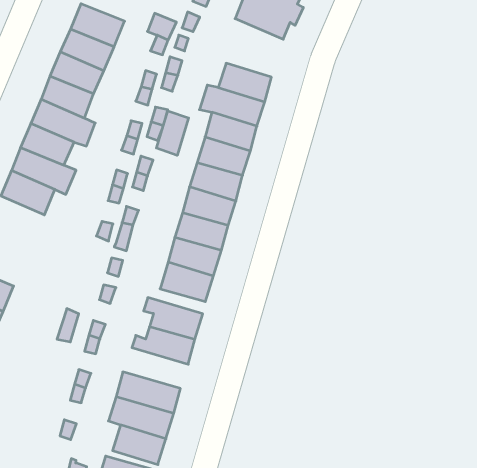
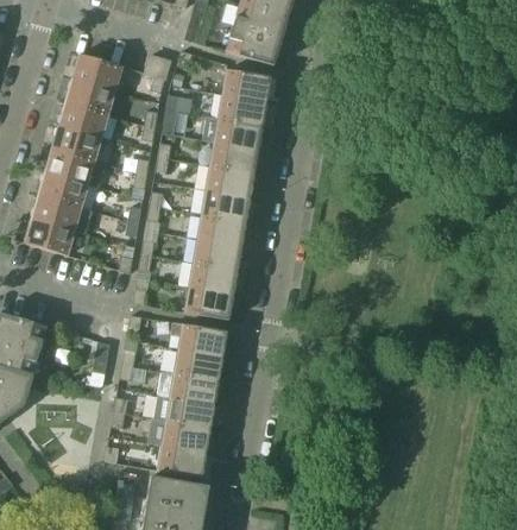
building: none -> [221,69,270,102]
building: [156,111,189,155] -> none
building: none -> [157,371,217,404]

